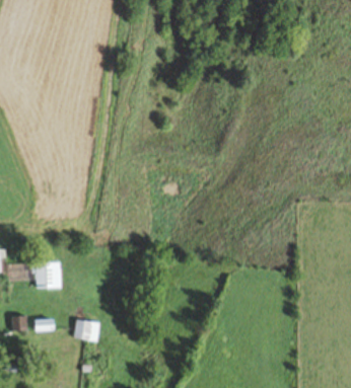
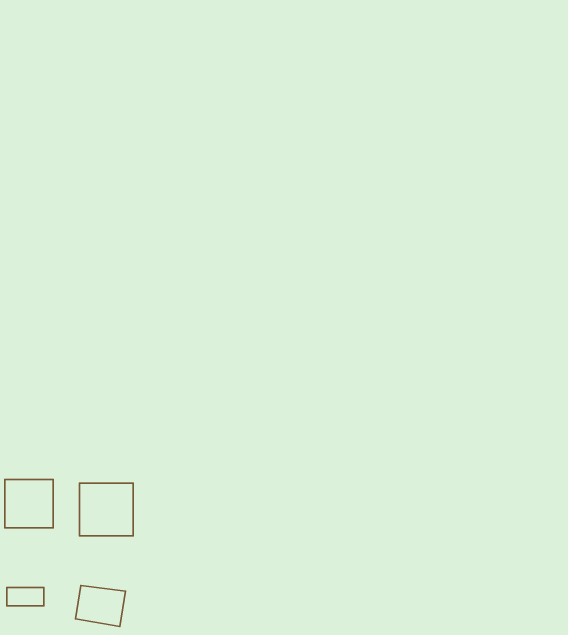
building: none -> [80,483,133,536]

